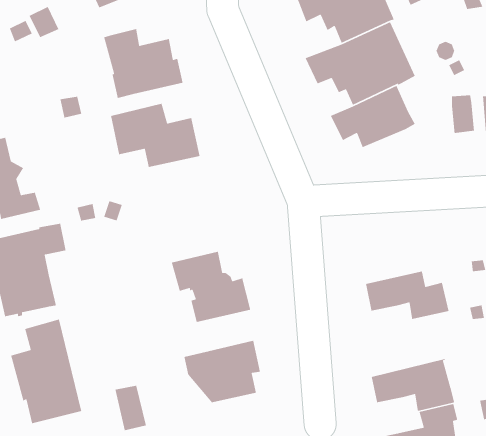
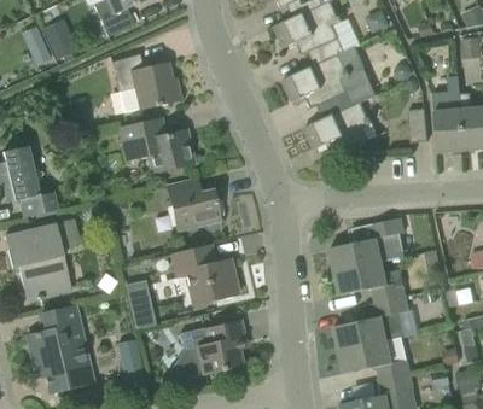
building: none -> [159,179,220,229]
building: none -> [330,217,405,270]
building: none -> [123,279,155,328]
building: none -> [334,294,409,350]

